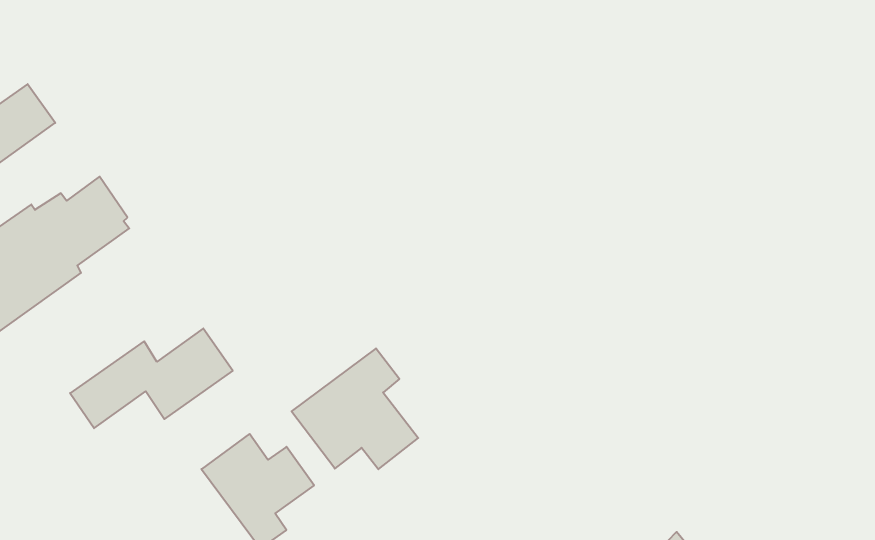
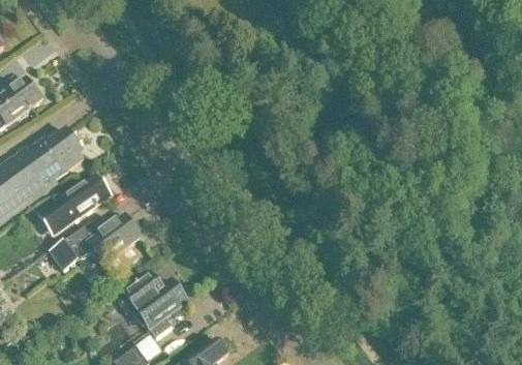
building: none -> [36,173,110,233]
building: [292,348,418,469] -> none

